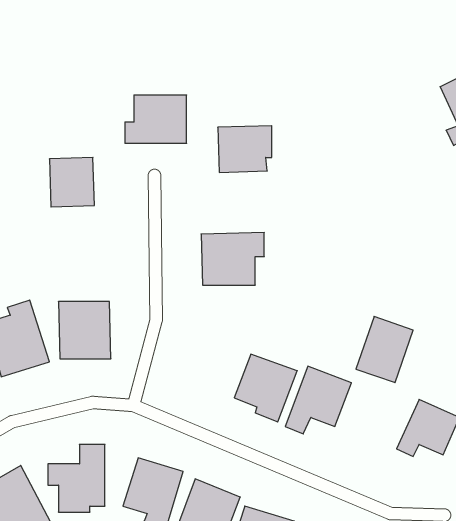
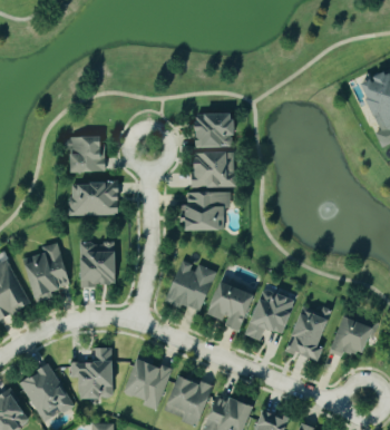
building: [125,95,187,143] -> [188,152,234,187]
building: none -> [67,183,118,215]
building: [356,316,413,383] -> [287,310,330,359]
building: none -> [163,261,216,312]

